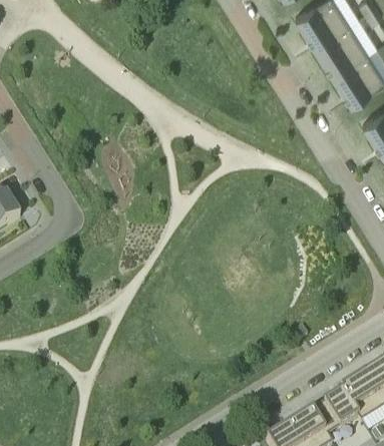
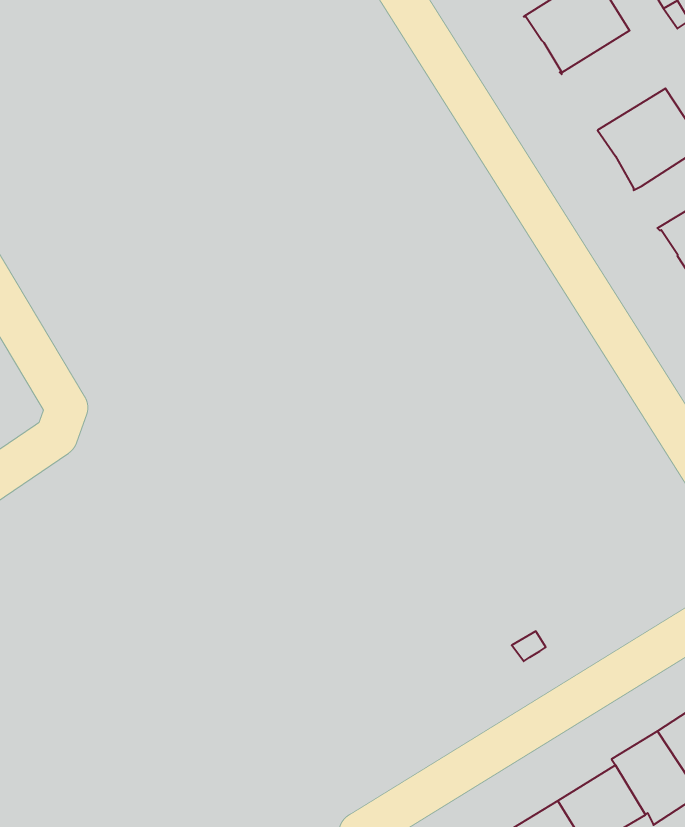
building: [314,21,366,72] -> none

